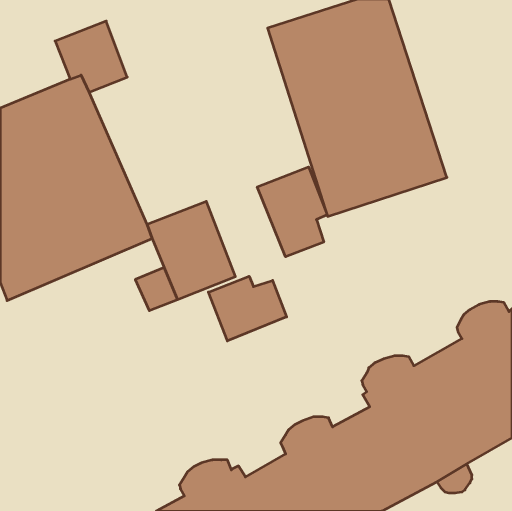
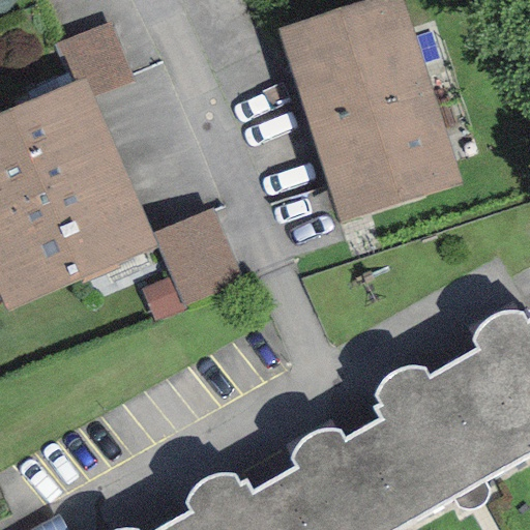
building: [257,167,327,257] -> none
building: [208,276,287,341] -> none

